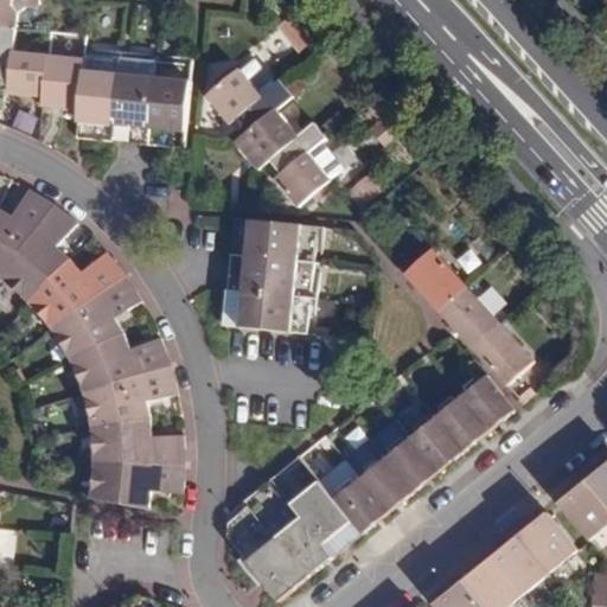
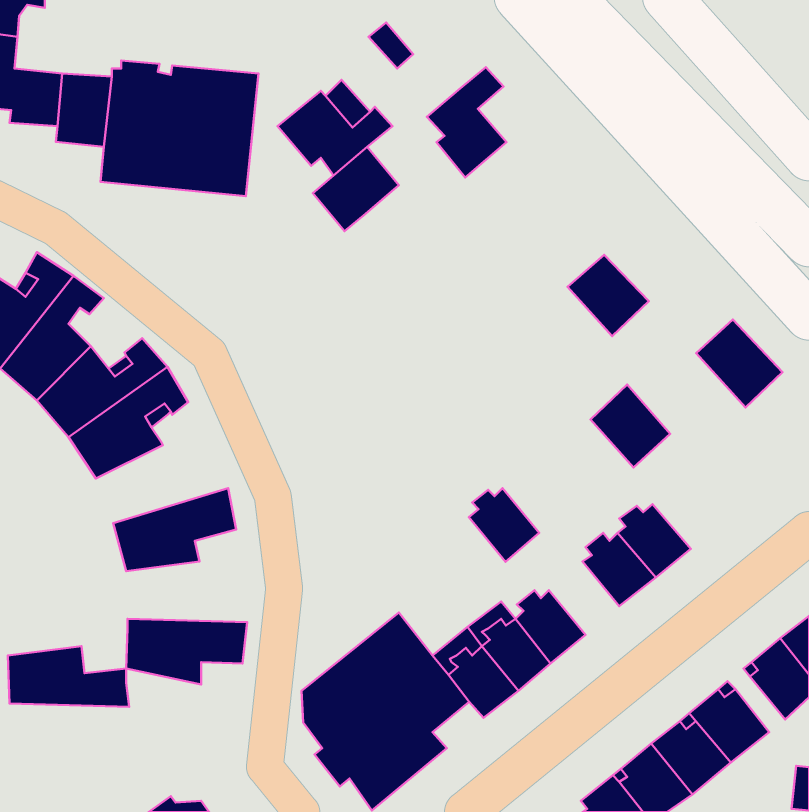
building: [271,122,331,204] -> [427,67,507,177]
building: [222,216,326,332] -> none
building: [405,251,466,312] -> [567,255,649,336]
building: [471,322,535,388] -> [696,320,782,407]
building: [71,331,170,389] -> none
building: [94,417,184,462] -> [8,646,129,707]
building: [408,417,460,472] -> [469,488,539,562]

